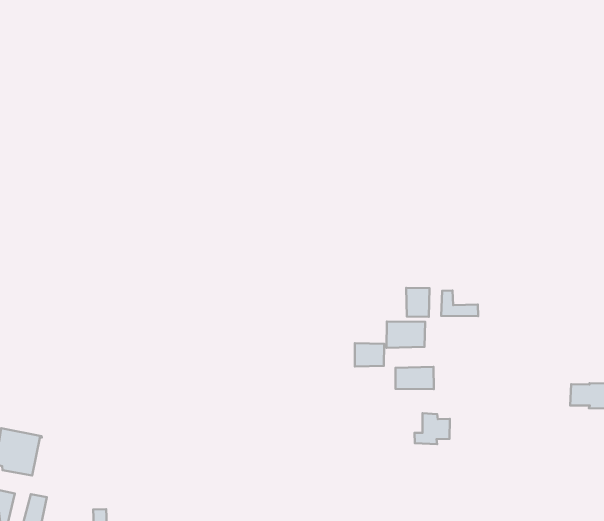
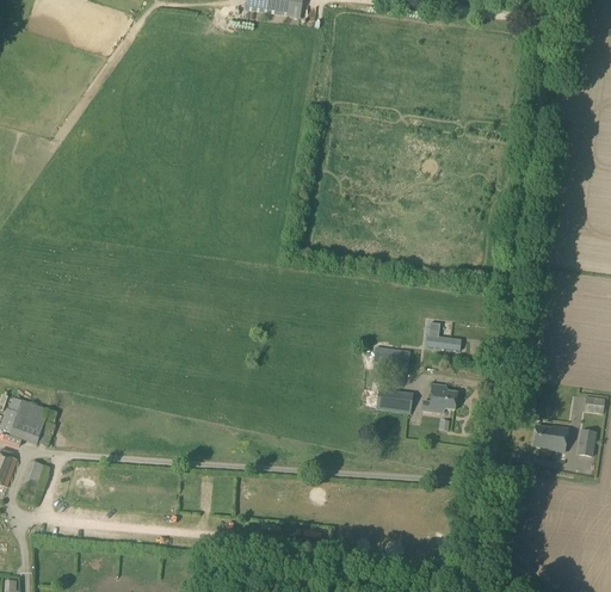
building: [406,288,429,317] -> none
building: [355,343,384,366] -> none
building: [415,413,450,444] -> [421,382,456,412]

